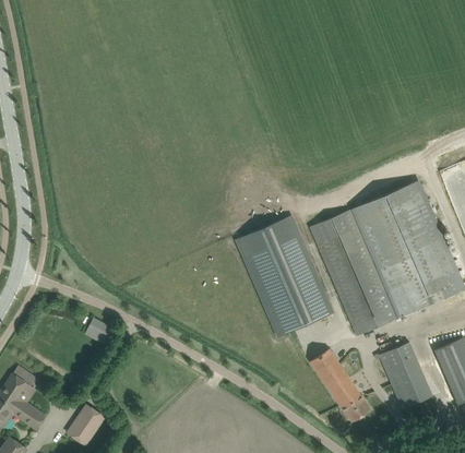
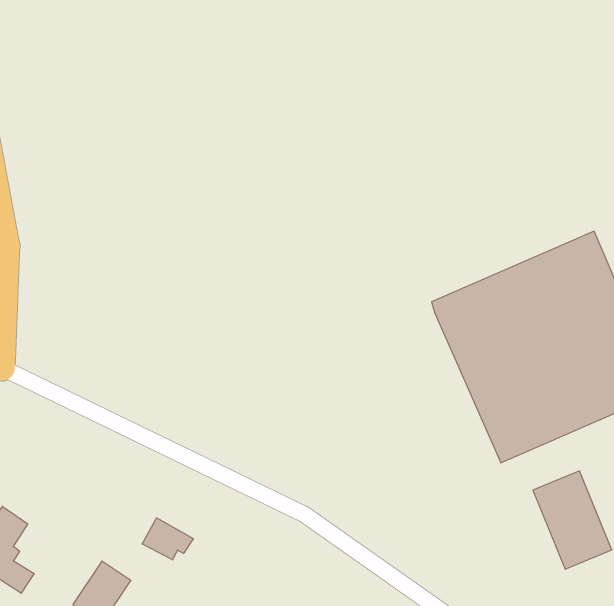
building: [236,216,332,336] -> none
building: [83,318,118,346] -> [142,518,194,560]
building: [309,347,370,422] -> none

